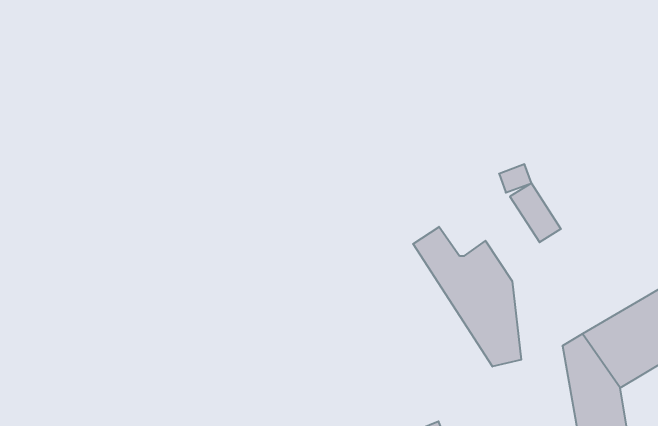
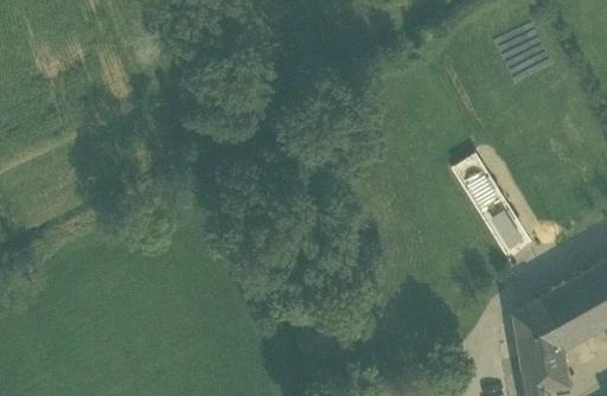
building: [413,227,521,367] -> none

